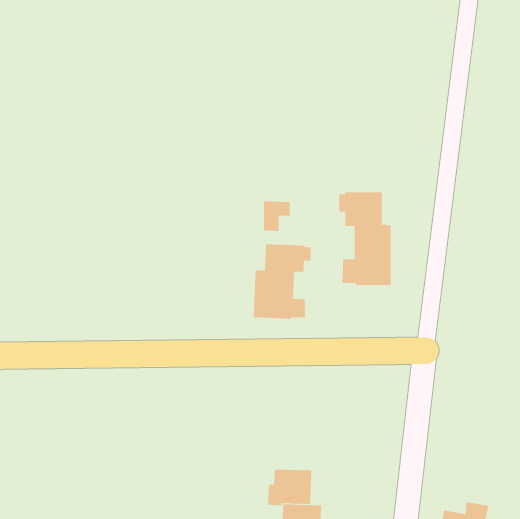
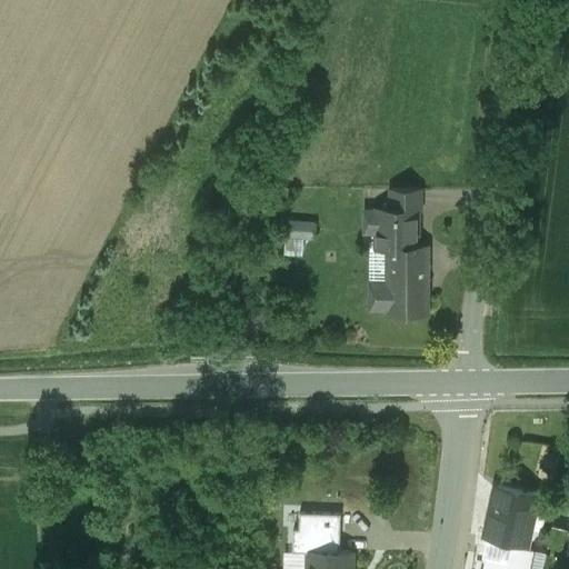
building: none -> [388,190,420,213]
building: [253,244,311,319] -> none
building: none -> [492,491,538,547]

